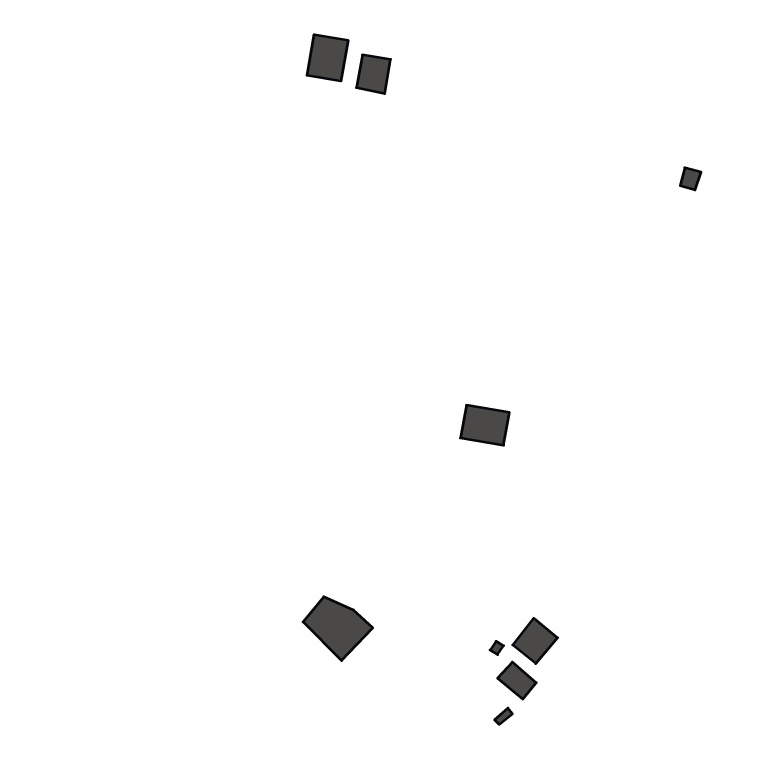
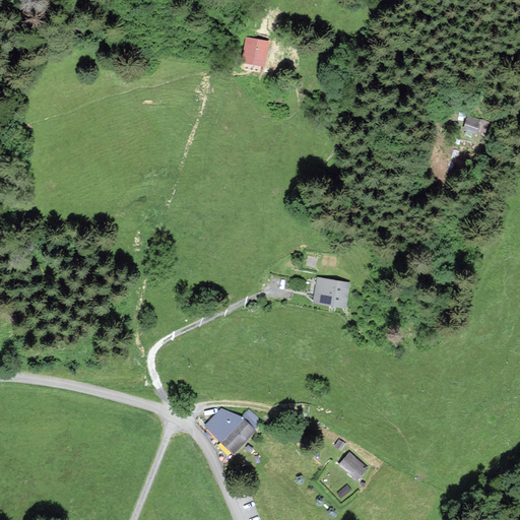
building: [307,35,348,81] -> none
building: [513,618,558,664] -> none

